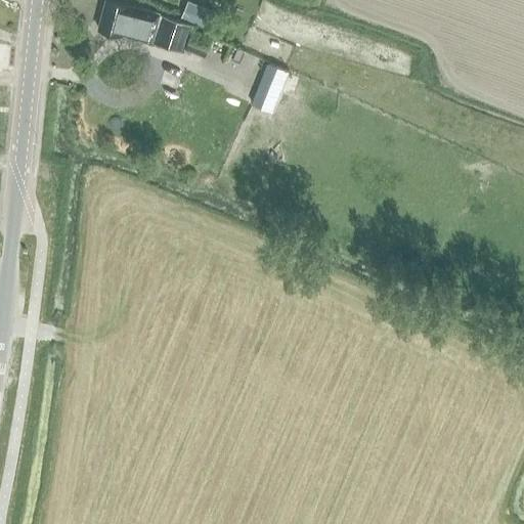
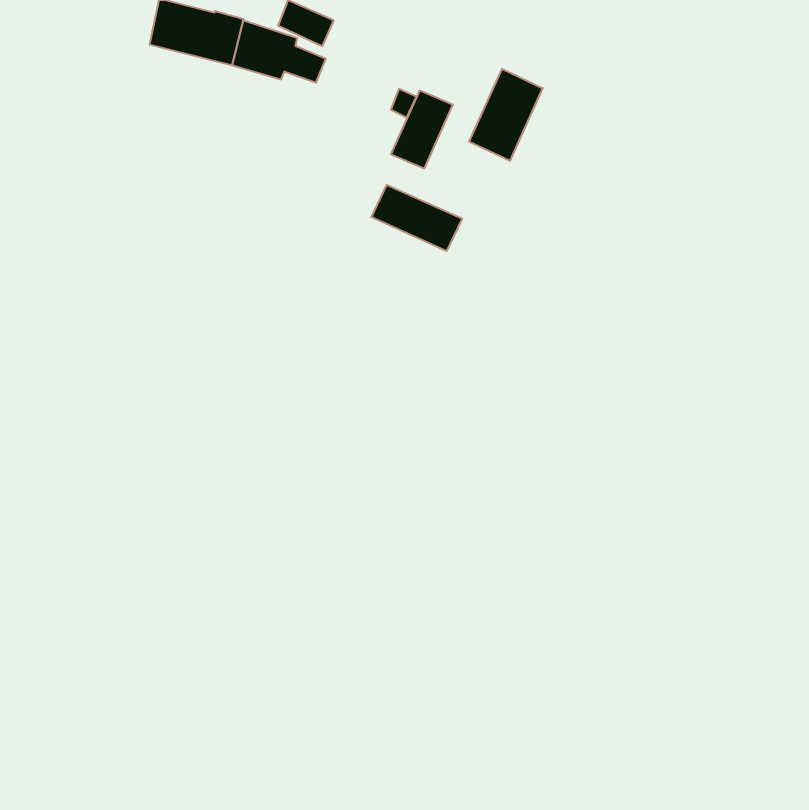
building: none -> [469,69,543,161]
building: none -> [371,185,462,251]

